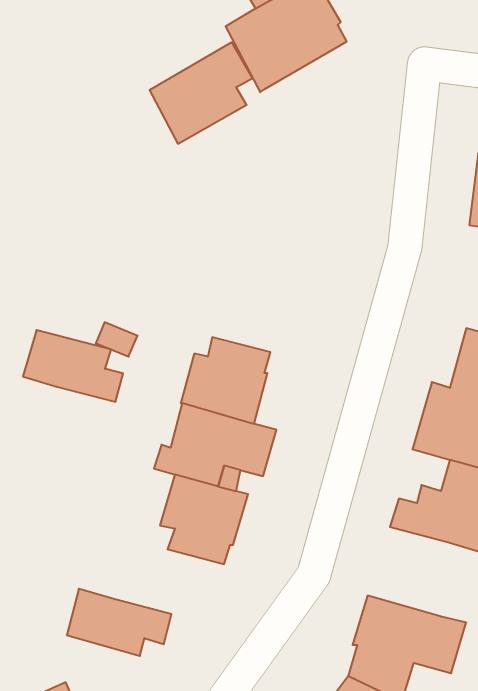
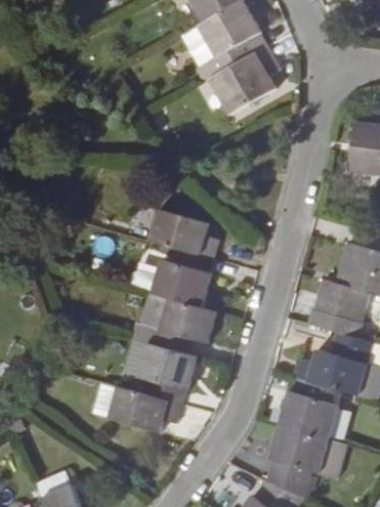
building: [150,42,253,144] -> [209,45,280,115]
building: [23,330,123,402] -> [150,209,218,258]
building: none -> [280,378,340,439]
building: [67,589,171,656] -> [110,386,181,432]

